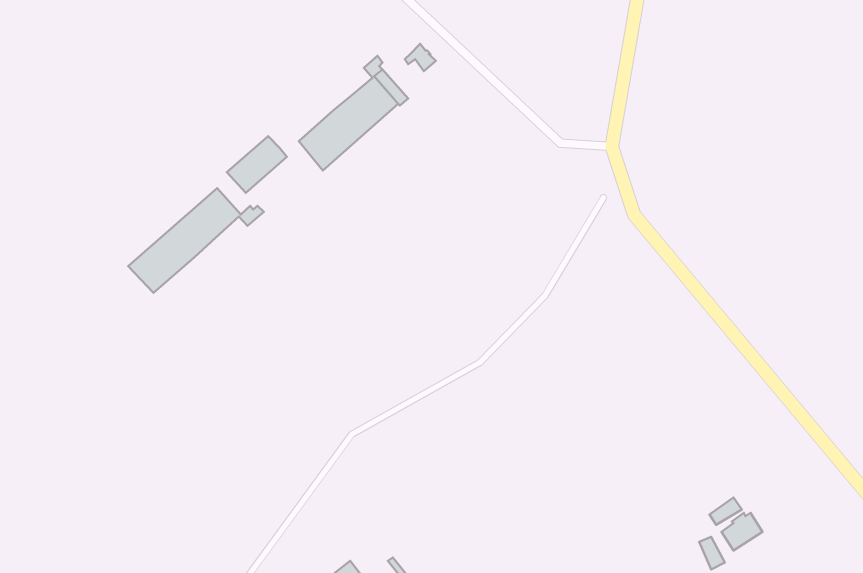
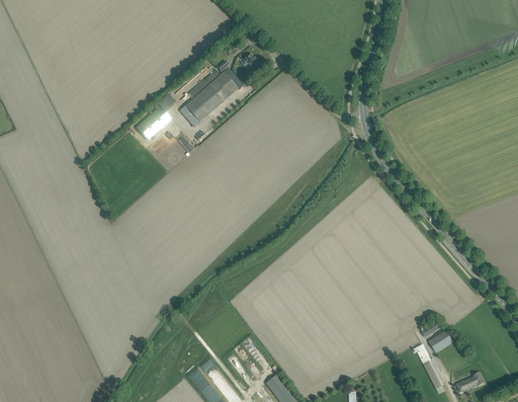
building: [128,188,264,293] -> none

